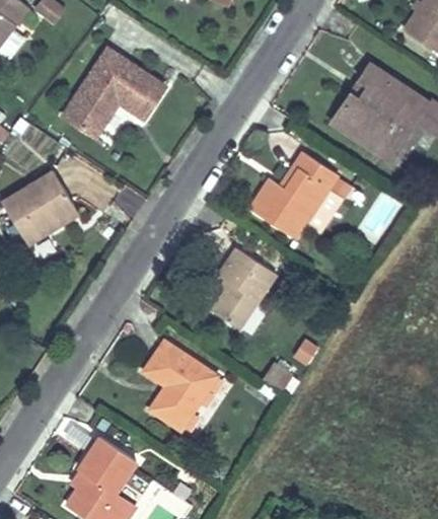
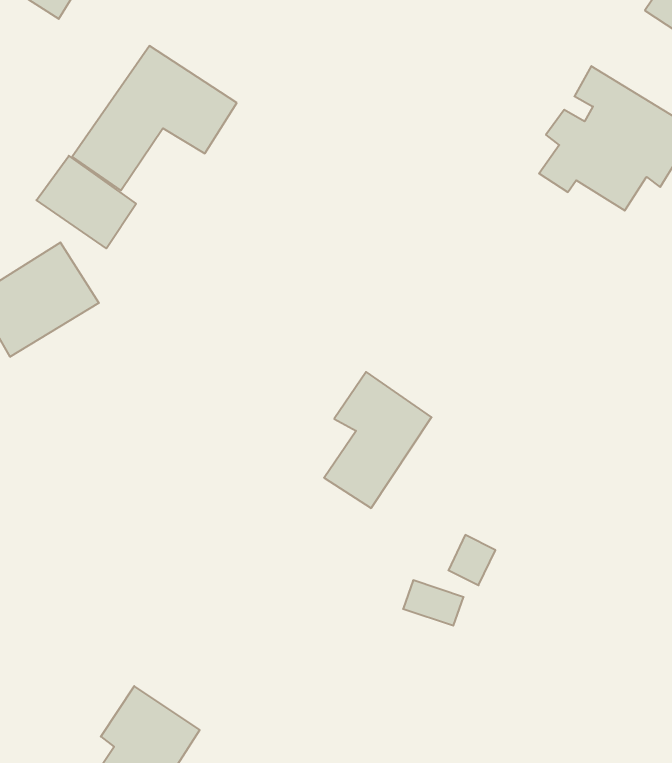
building: none -> [36,156,136,248]
building: [251,151,340,239] -> none
building: [144,340,219,433] -> none

